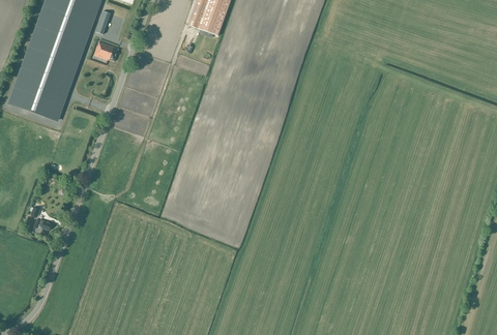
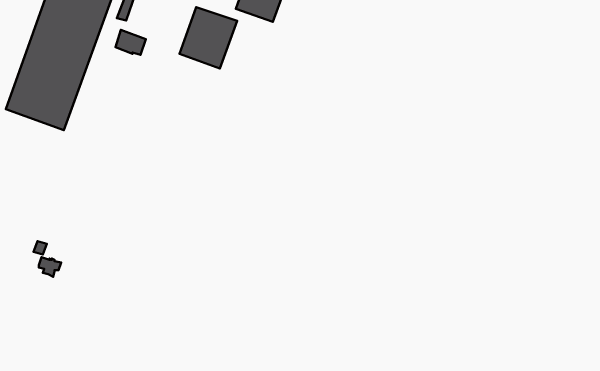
building: none -> [180,7,237,69]

